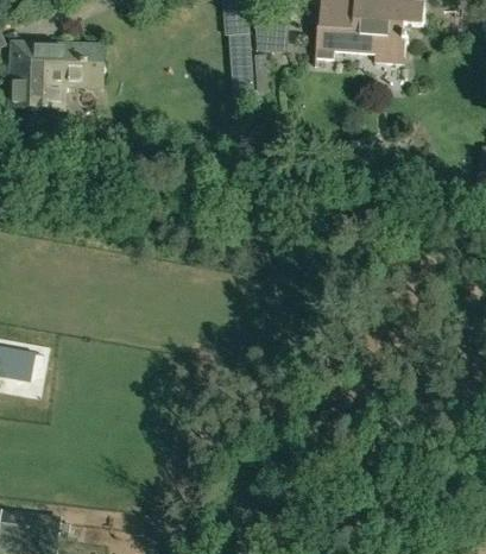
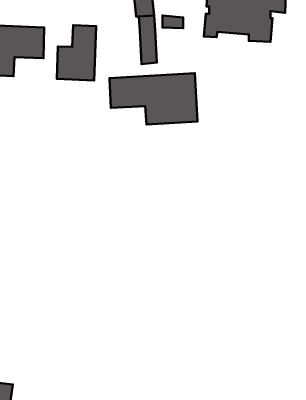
building: none -> [57,25,96,80]
building: none -> [109,73,197,125]

